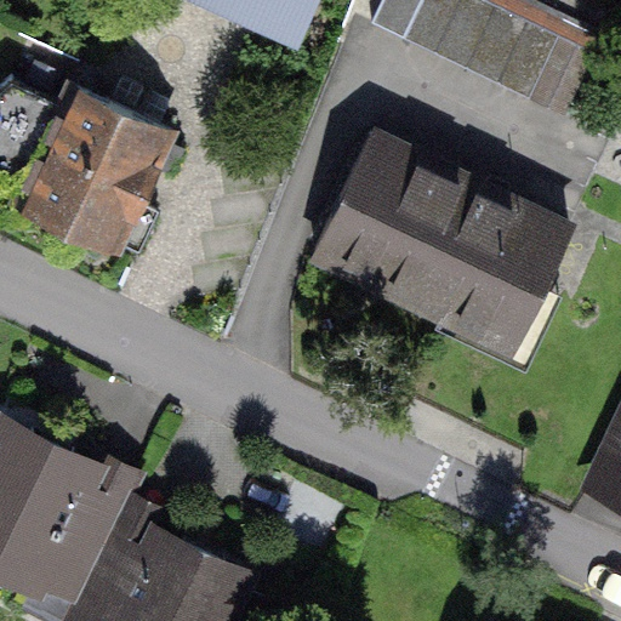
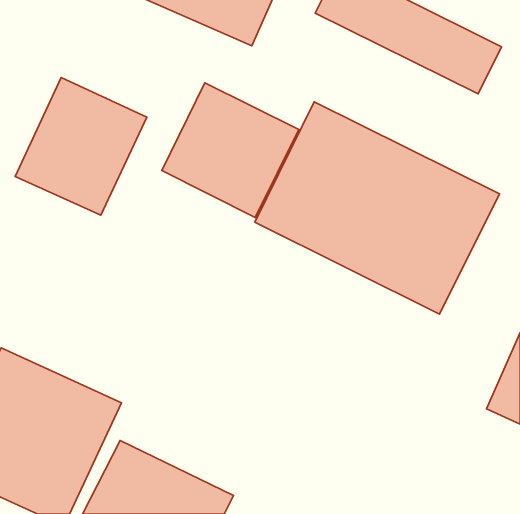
building: none -> [162,83,299,218]

